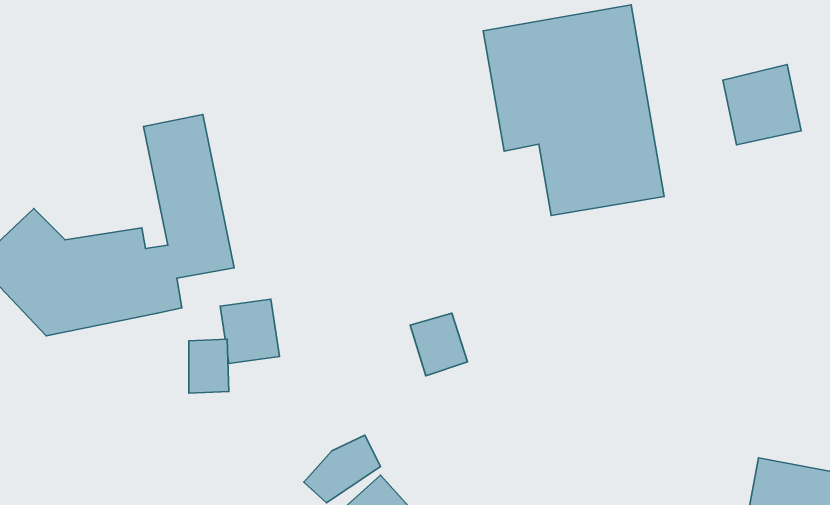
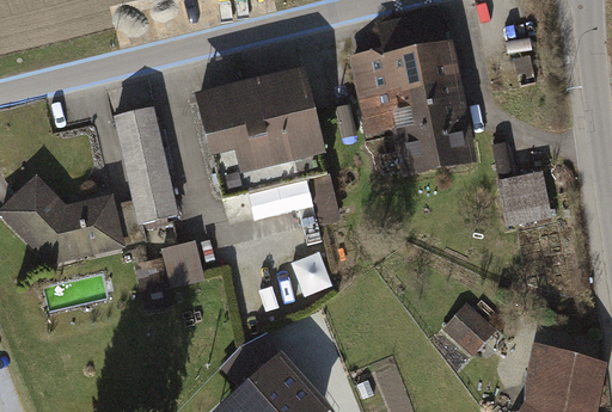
building: none -> [194,61,336,225]
building: [723,65,801,145] -> [500,166,553,221]
building: none -> [441,295,494,346]

